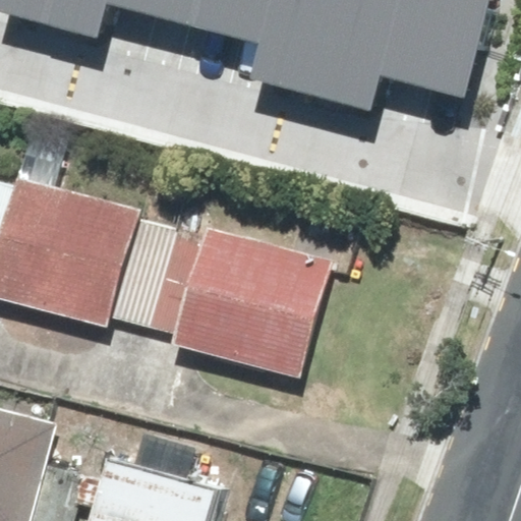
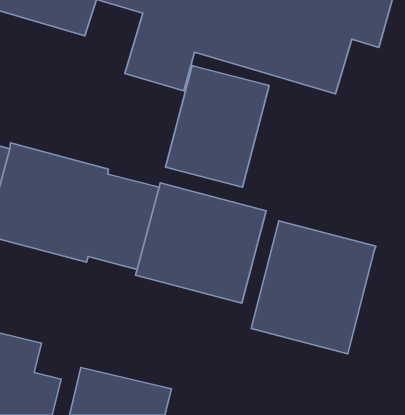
building: none -> [165,66,269,187]
building: none -> [251,221,376,354]

